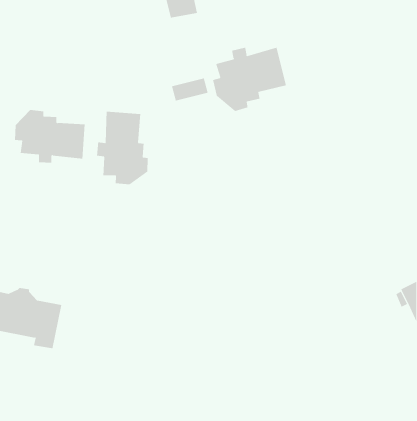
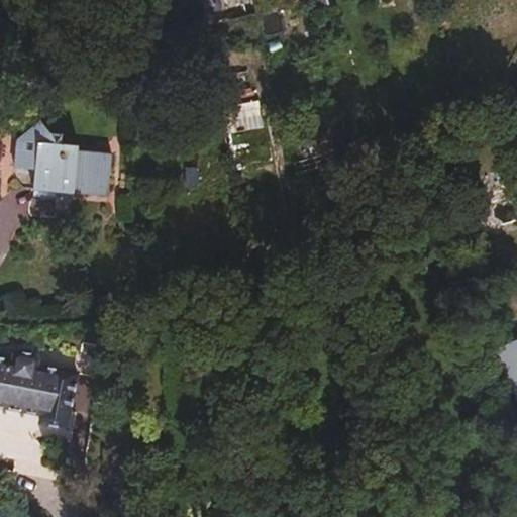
building: [213,47,286,112] -> none
building: [96,111,148,185] -> none

